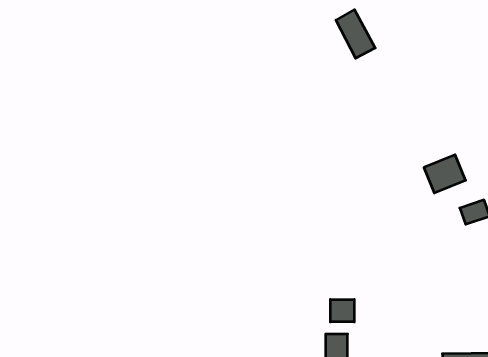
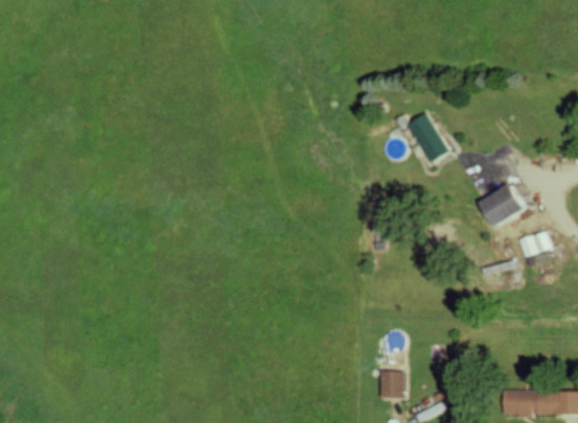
building: [336,10,375,58] -> [410,112,451,162]
building: [330,299,354,322] -> none

